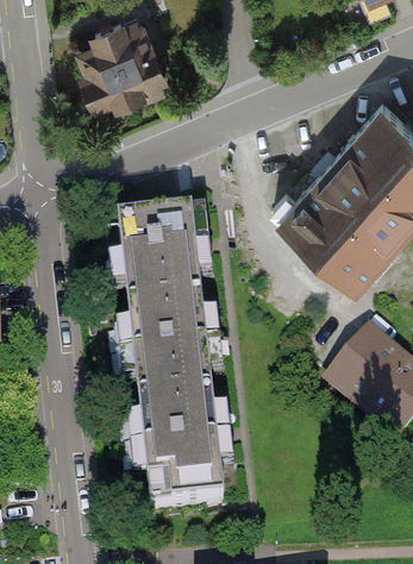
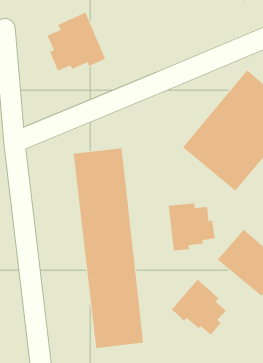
building: none -> [168,203,215,251]
building: none -> [171,279,227,335]

